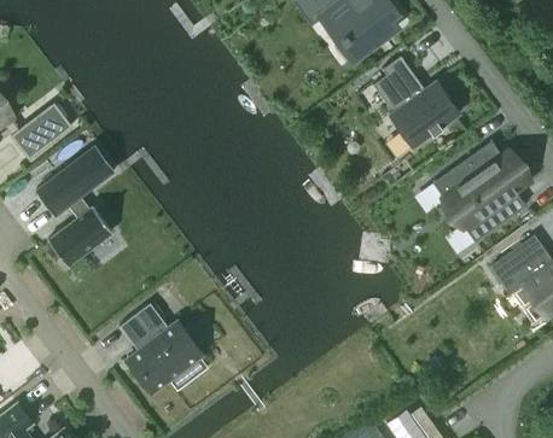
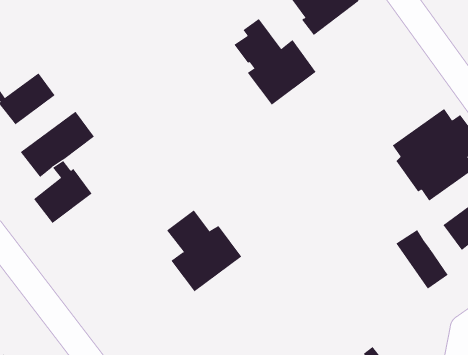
building: [371,57,460,151] -> [233,18,316,105]
building: none -> [395,229,448,289]
building: [118,304,200,393] -> [166,209,242,292]

